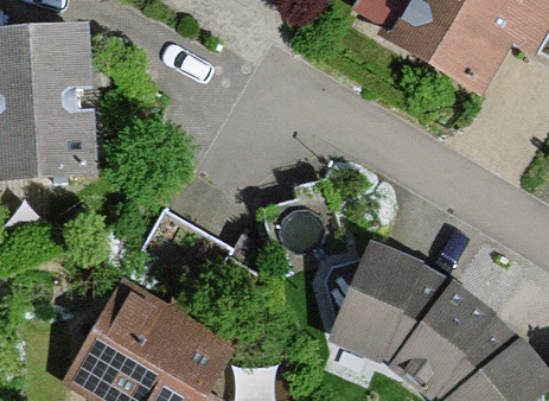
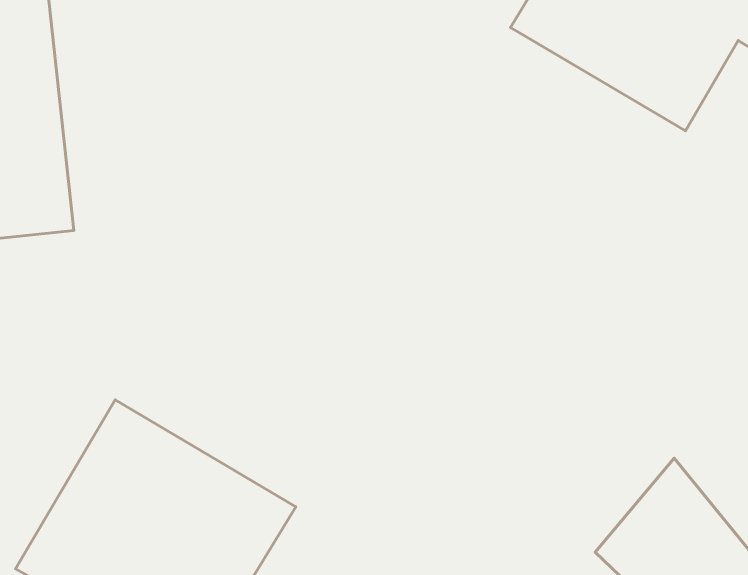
building: [328,256,474,374] -> none

